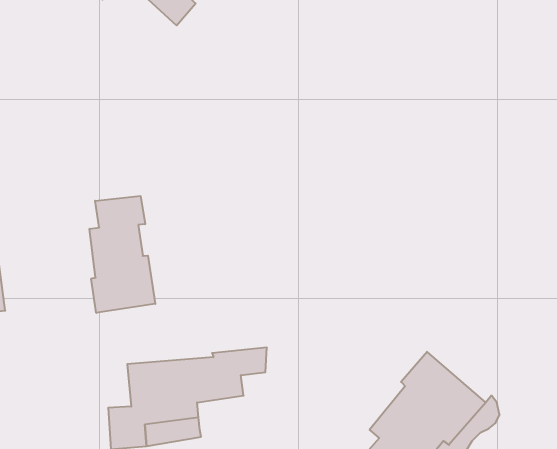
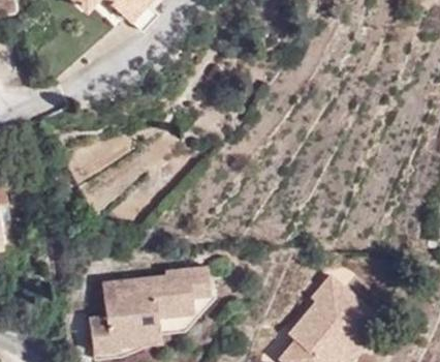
building: [90,196,155,313] -> none
building: none -> [155,291,212,334]

